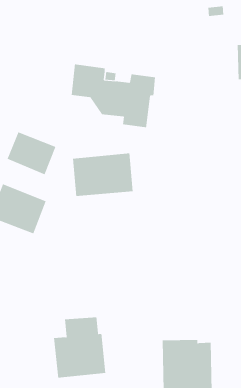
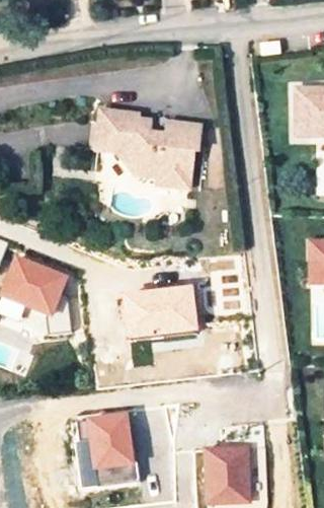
building: [7,132,56,175] -> none
building: [72,153,134,197] -> [121,285,195,338]

